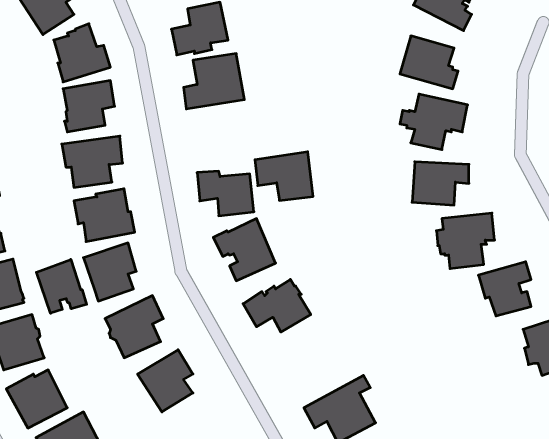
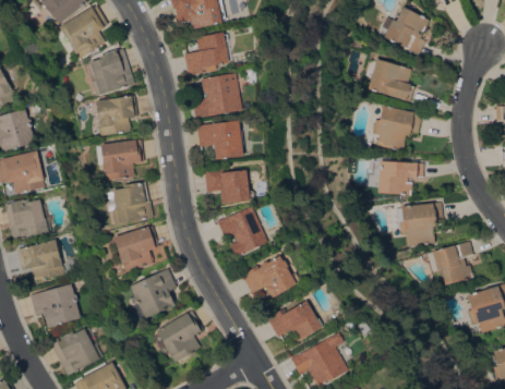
building: [255,152,313,200] -> [196,120,243,159]
building: [36,259,87,313] -> none
building: none -> [266,301,322,341]

